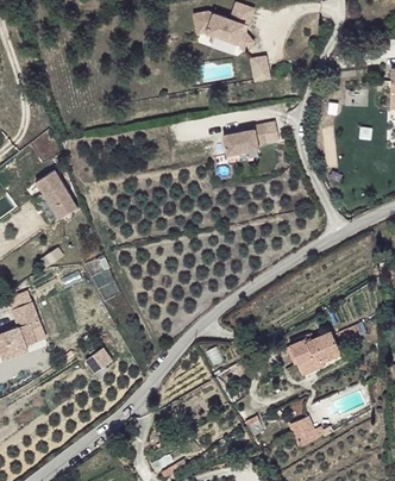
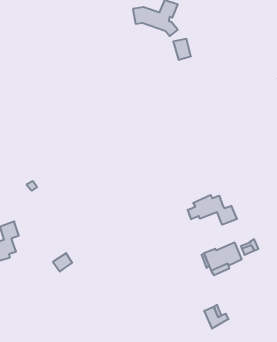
building: [222,124,267,155] -> none
building: [36,169,76,217] -> none
building: none -> [188,195,237,225]

